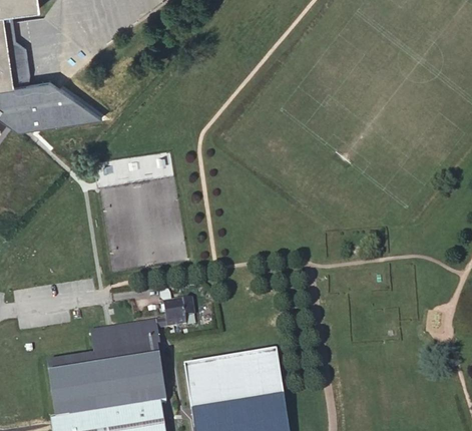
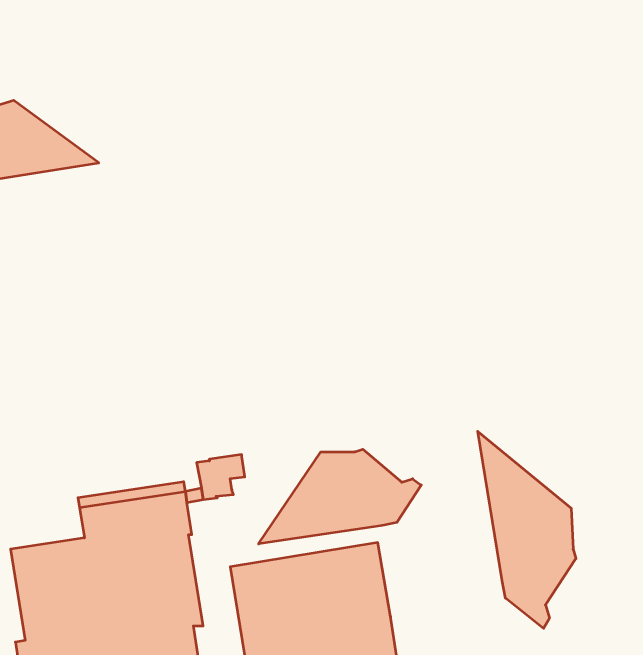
building: none -> [478,431,576,628]
building: none -> [259,449,421,544]

